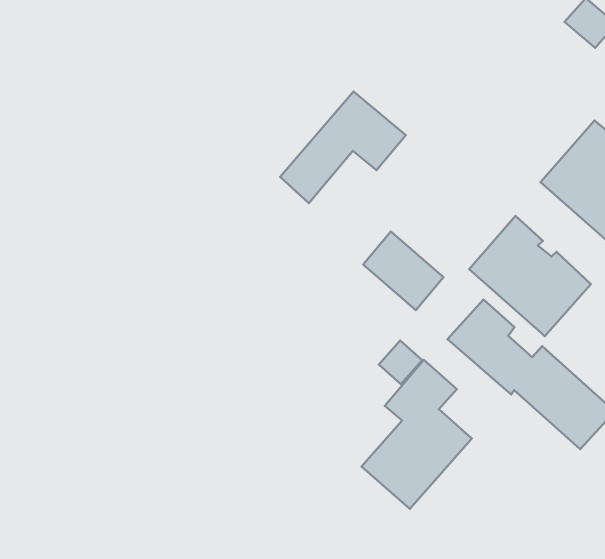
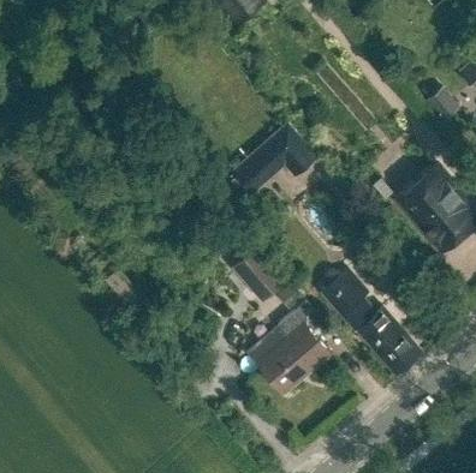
building: [469,216,591,336] -> none
building: [363,232,443,310] -> [233,250,282,301]

